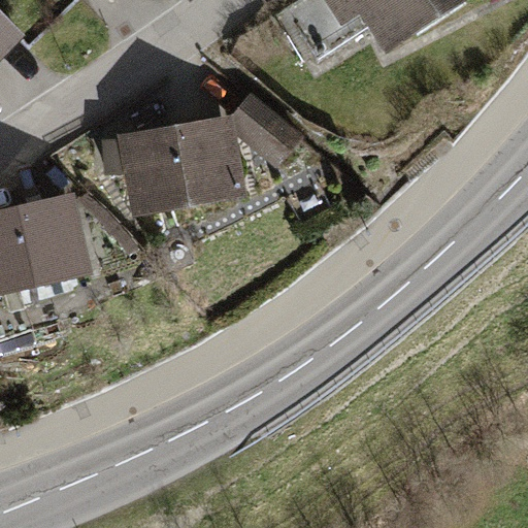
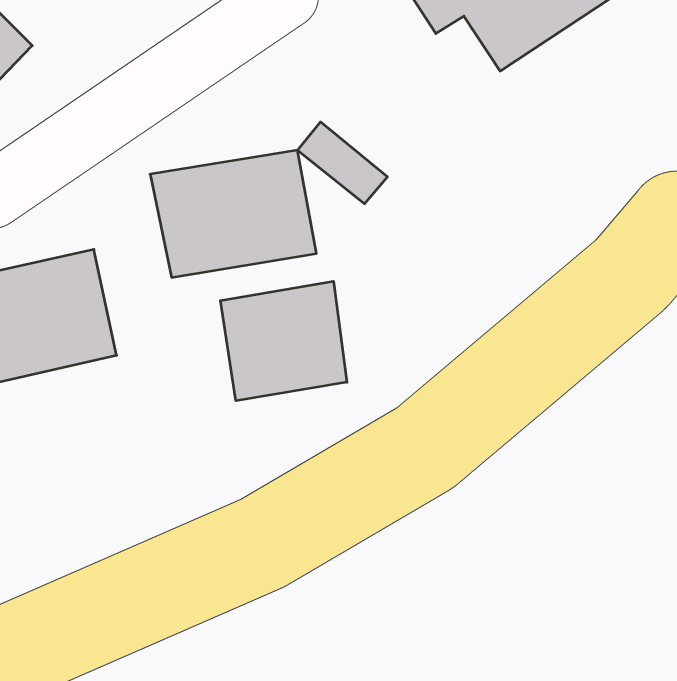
building: none -> [220,281,347,401]

